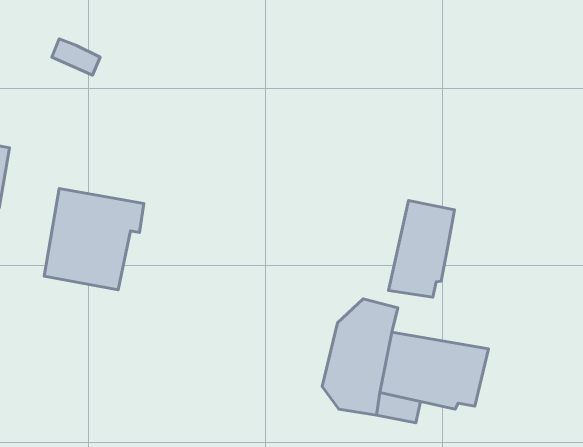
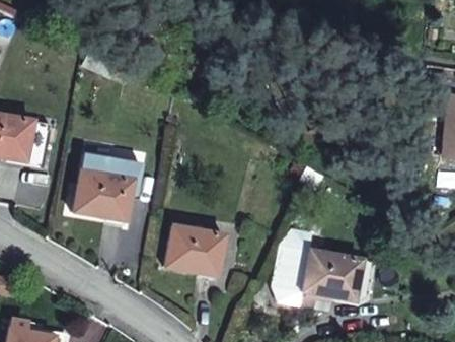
building: [389,201,454,297] -> none
building: none -> [165,224,225,273]

